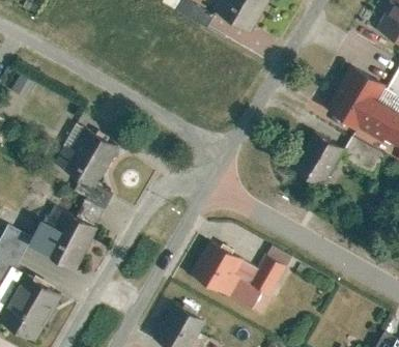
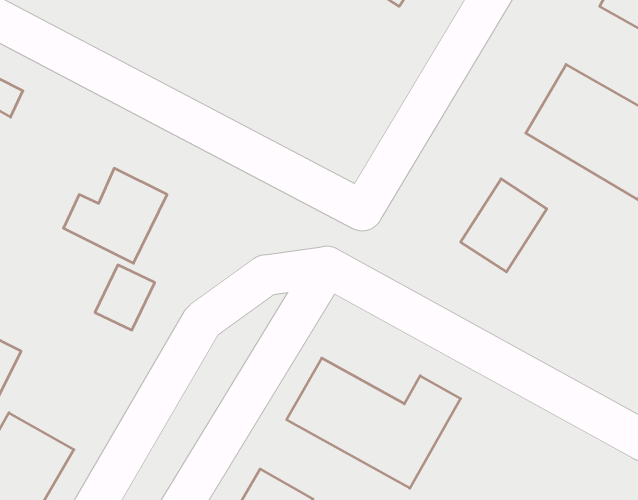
building: [31,207,96,266] -> none

